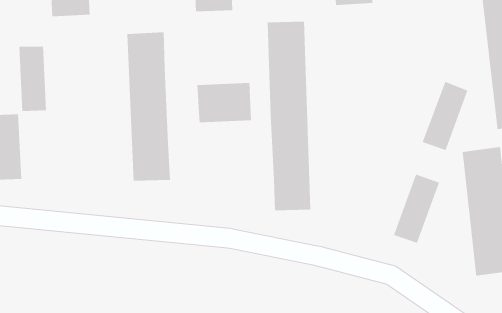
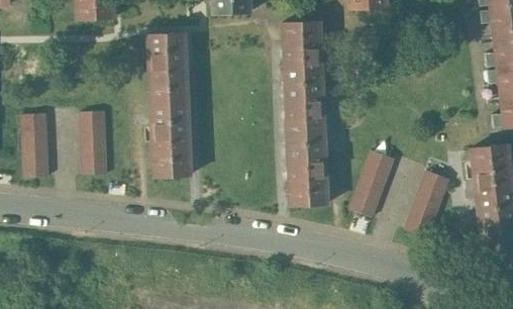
building: [18,46,47,112] -> [80,111,107,174]
building: [422,81,468,151] -> [348,149,393,216]
building: [197,82,251,123] -> none

